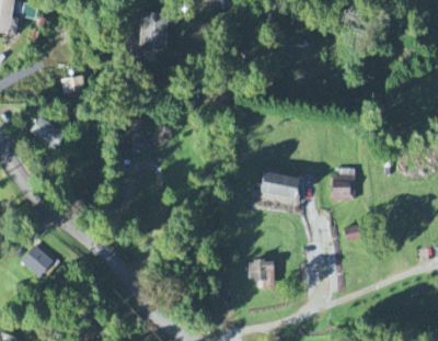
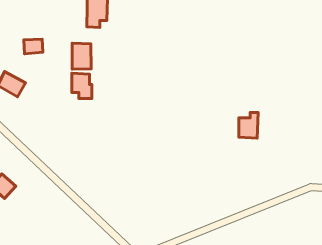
building: none -> [72,43,91,69]
building: [251,169,301,205] -> none
building: [249,259,274,287] -> none

